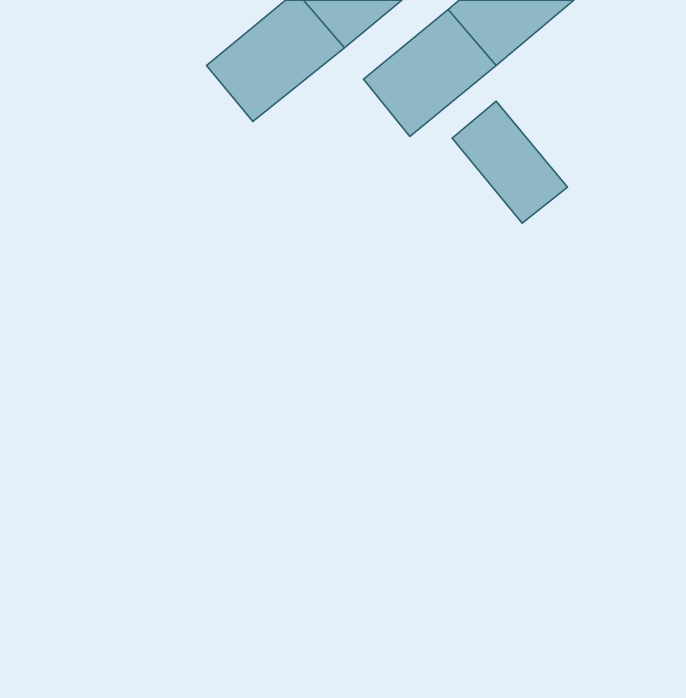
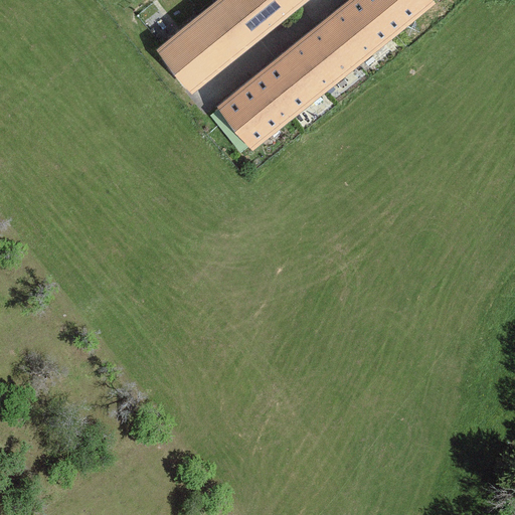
building: none -> [214,58,311,152]
building: [452,101,567,223] -> none

